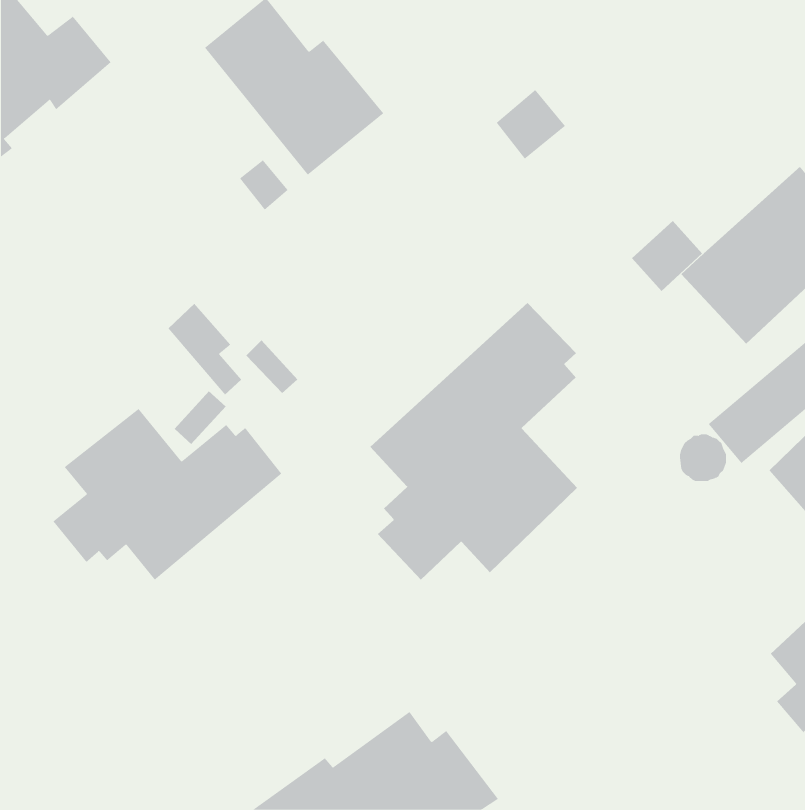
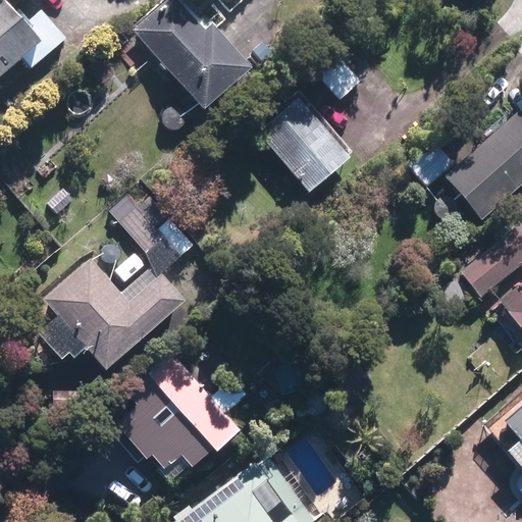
building: none -> [257,99,351,194]
building: [370,302,578,580] -> none
building: none -> [115,353,248,480]

